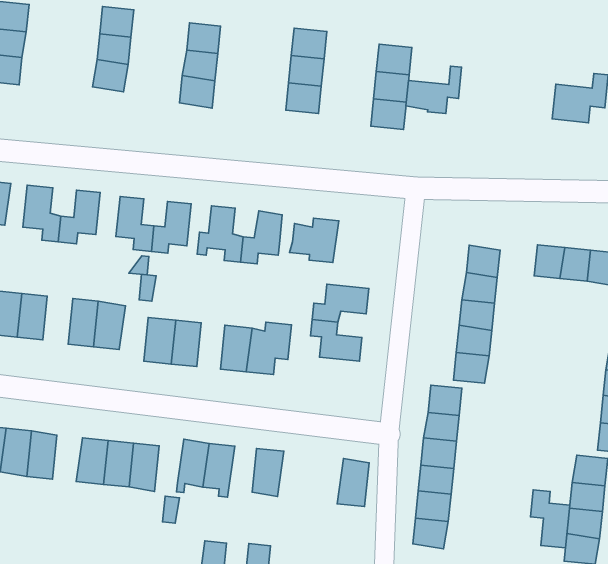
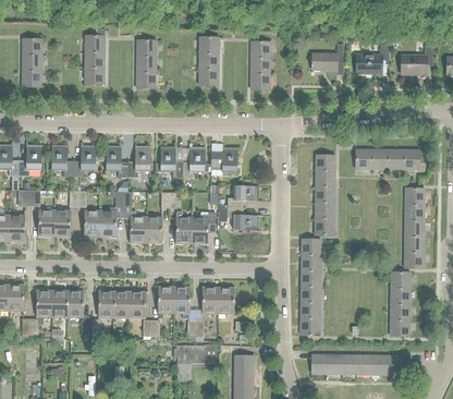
building: [406,66,462,114] -> [313,43,343,71]
building: [337,458,369,507] -> [218,287,234,314]
building: [530,490,570,548] -> none

